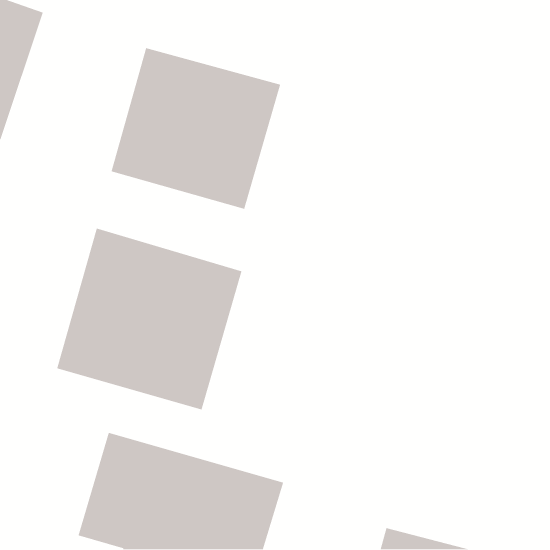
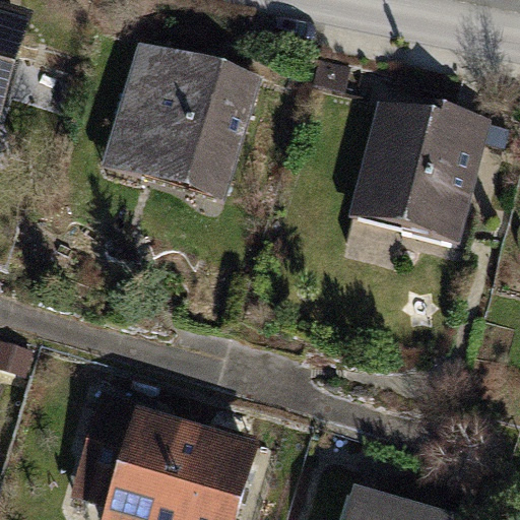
building: none -> [348,102,490,242]
building: [56,228,243,410] -> none

